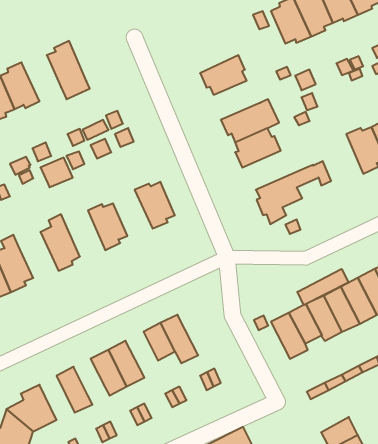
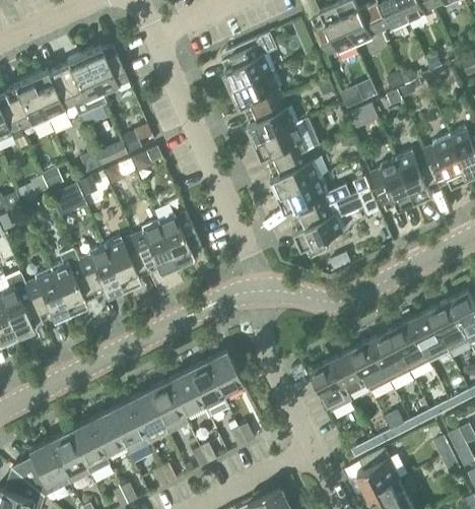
building: none -> [222,31,276,88]
building: none -> [82,44,127,97]
building: none -> [28,68,73,120]
building: none -> [246,97,298,141]
building: none -> [370,157,415,209]
building: none -> [278,176,351,220]
building: none -> [132,220,177,272]
building: none -> [78,244,123,296]
building: none -> [24,268,70,320]
building: [297,269,348,305] -> none
building: none -> [205,351,243,394]
building: none -> [146,381,187,433]
building: none -> [87,411,123,453]
building: none -> [49,431,88,483]
building: none -> [357,449,399,495]

